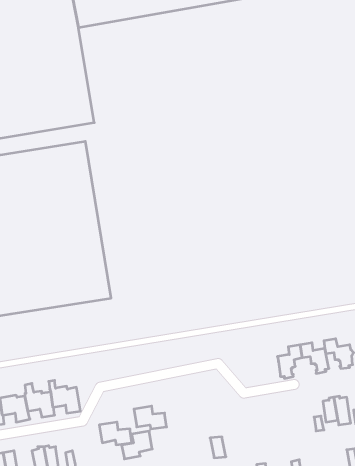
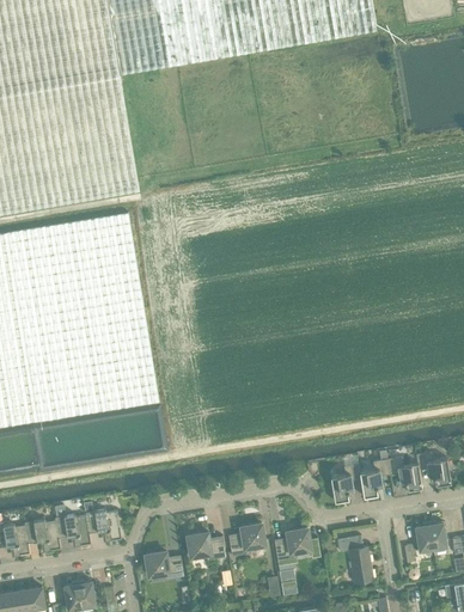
building: none -> [328,463,360,503]
building: none -> [274,527,319,561]
building: none -> [336,534,372,582]
building: [121,431,152,459] -> [227,522,264,556]

